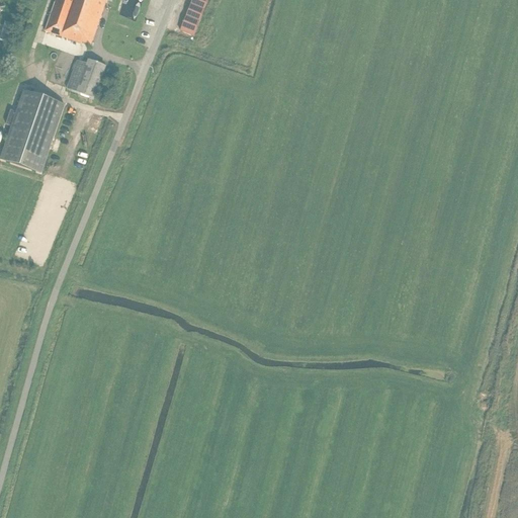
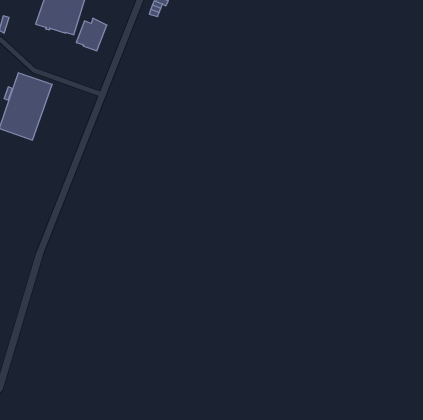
building: [67,57,104,96] -> [76,18,107,51]

